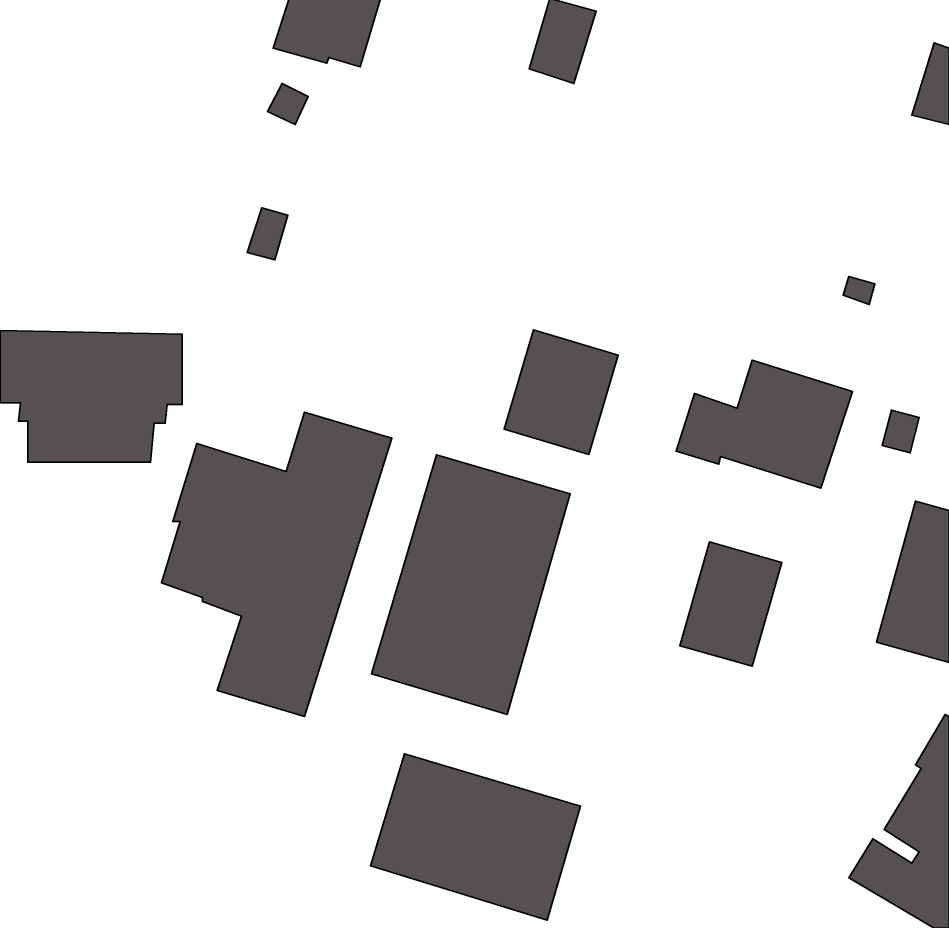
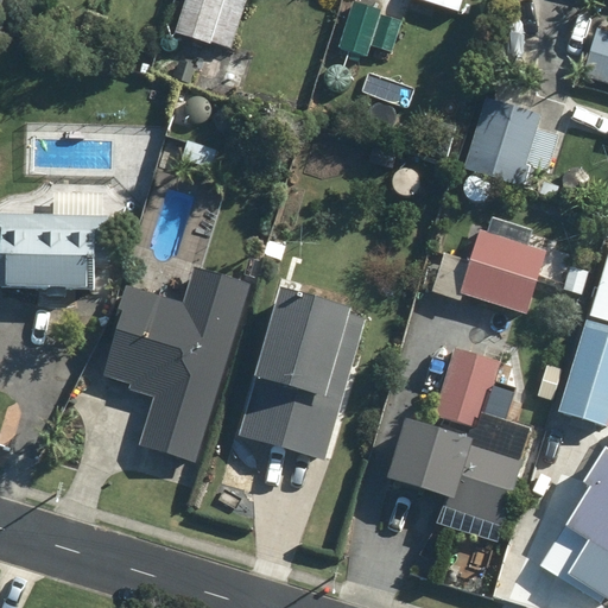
building: none -> [463,94,540,184]
building: [504,330,618,454] -> none
building: none -> [386,424,522,525]
building: [371,754,580,920] -> none

